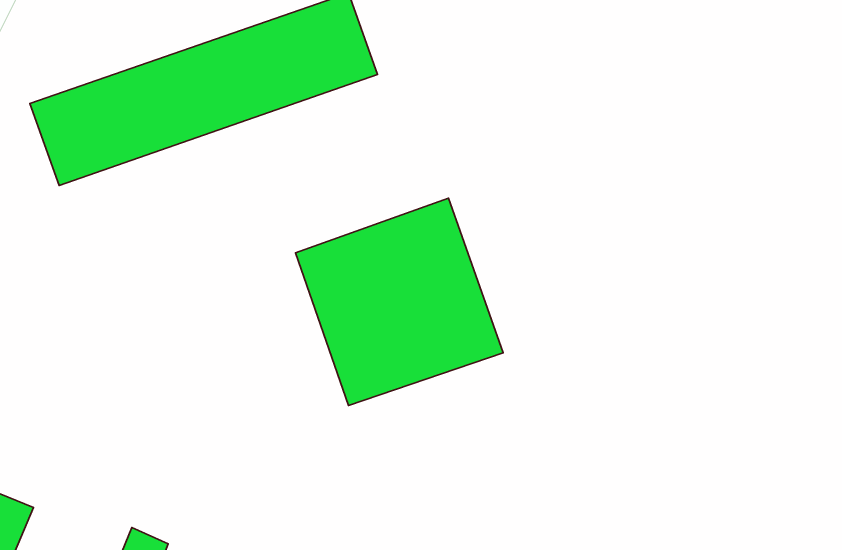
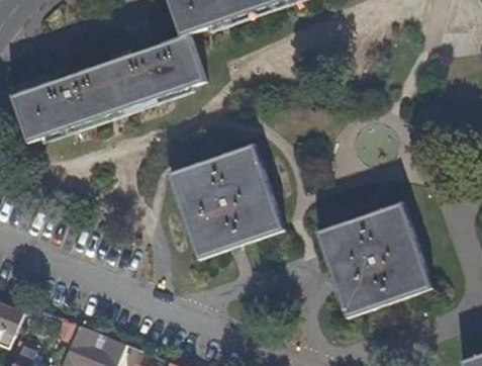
building: none -> [315,203,430,317]

